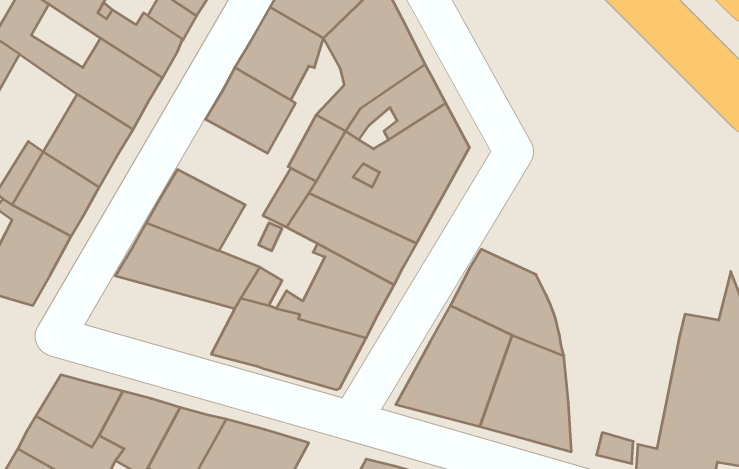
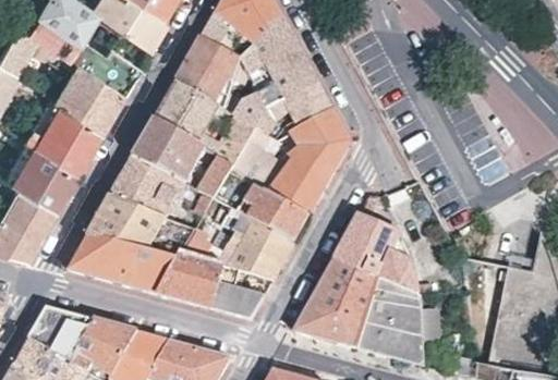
building: none -> [134,119,208,184]
building: none -> [70,234,177,292]

